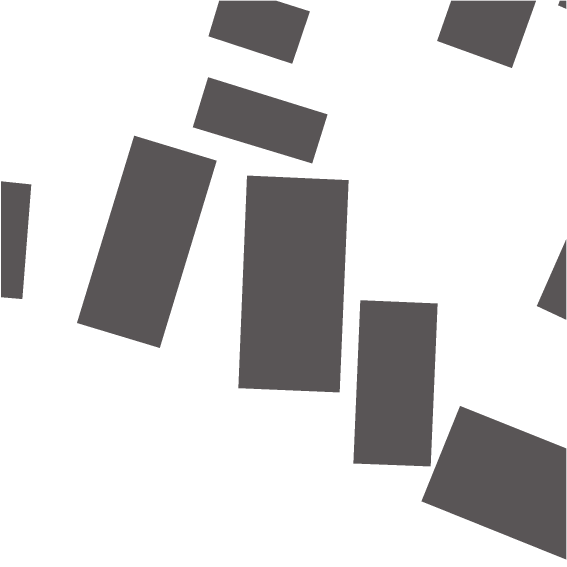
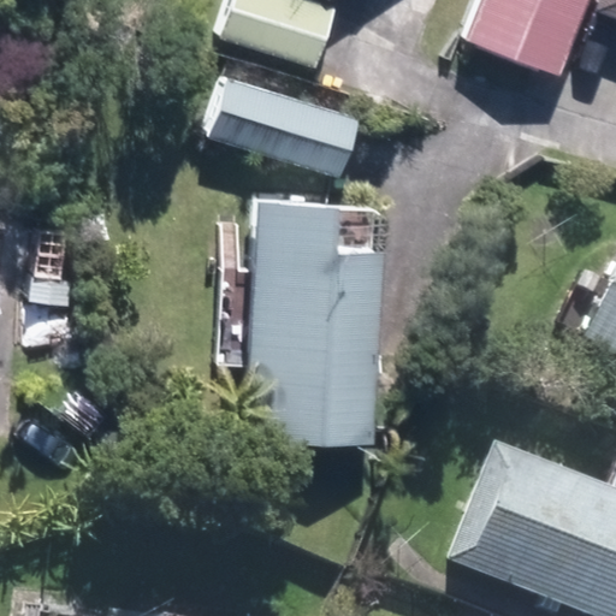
building: [76,135,218,349] -> none
building: [353,300,438,467] -> none

